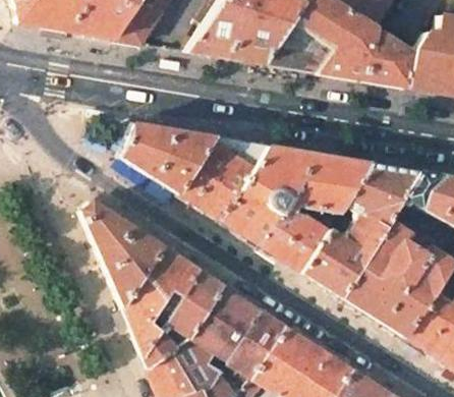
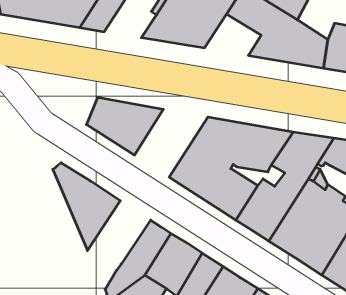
building: [265,23,333,73] -> none
building: [180,138,269,220] -> none
building: [123,248,200,355] -> none

